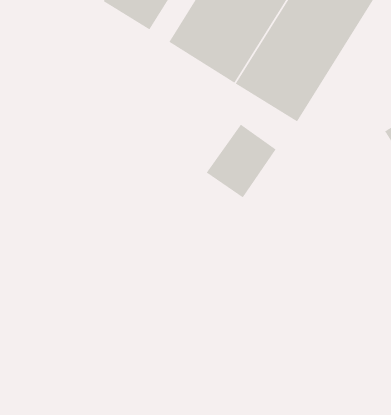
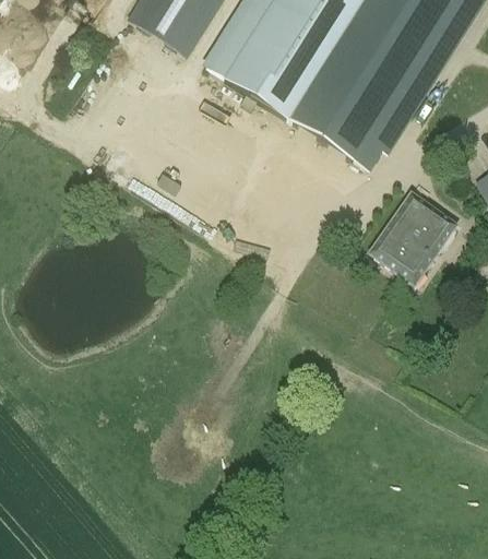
building: [206,124,277,198] -> [369,188,456,280]

